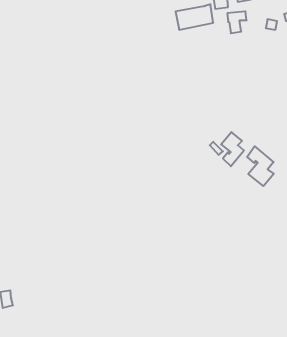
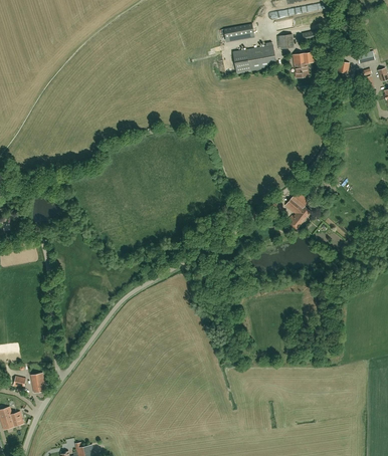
building: [247,146,274,186] -> none

